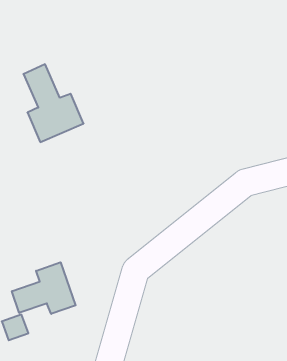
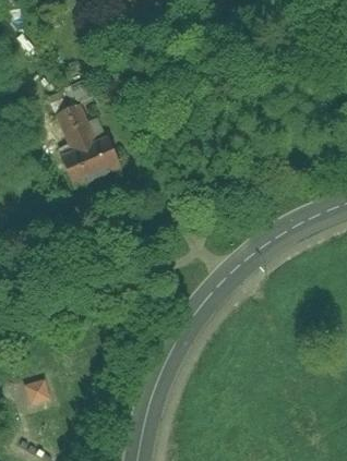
building: [12,262,76,314] -> none

